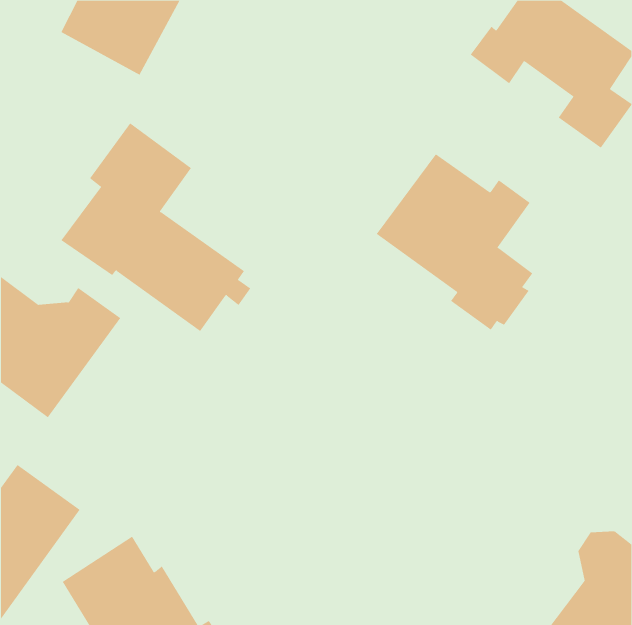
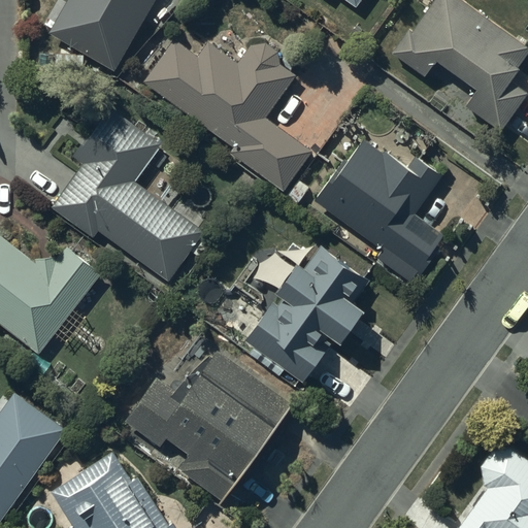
building: none -> [144,41,311,191]
building: none -> [246,245,368,381]
building: none -> [125,345,294,501]

